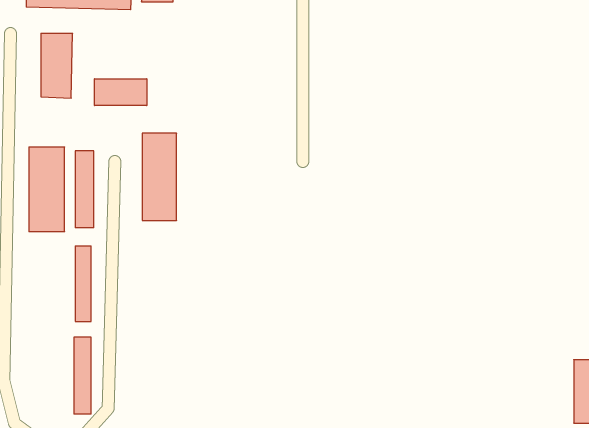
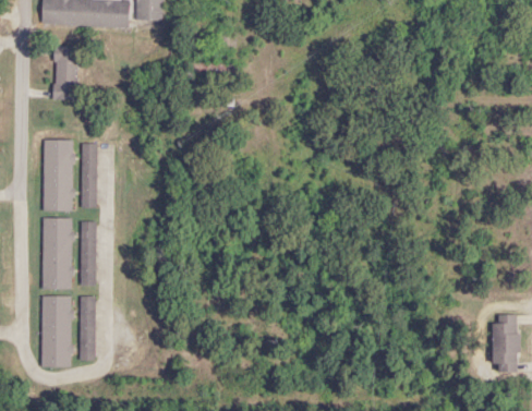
building: [95,79,147,106] -> none
building: [142,133,177,220] -> [43,218,71,290]
building: none -> [41,297,71,367]

